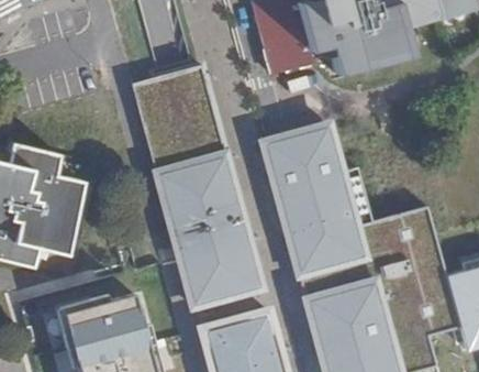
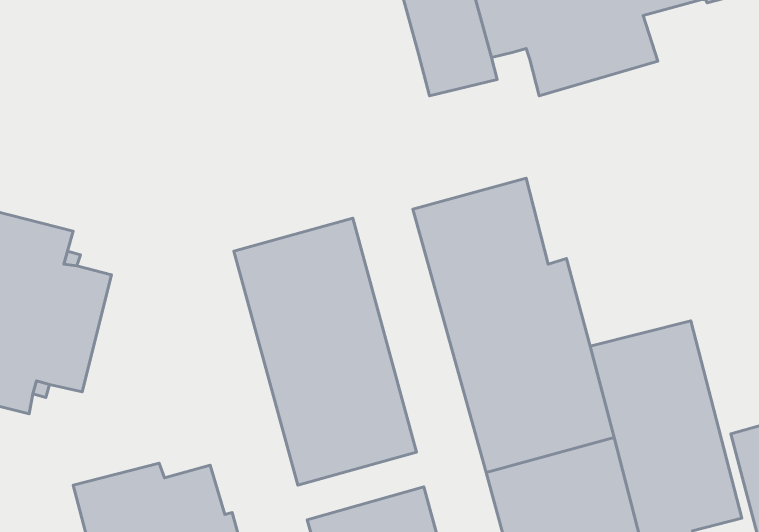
building: [130,63,225,168] -> none

